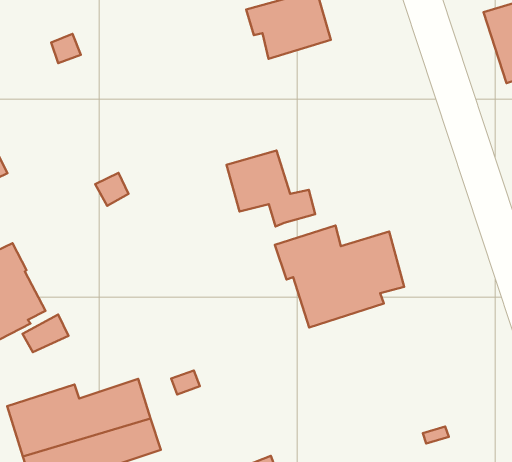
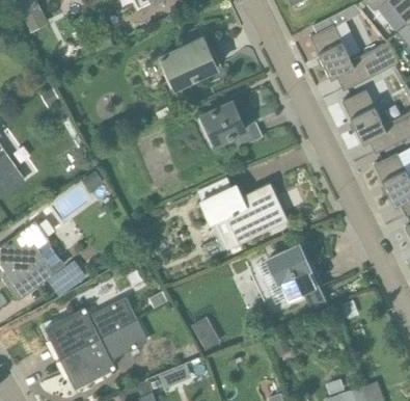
building: [227,151,315,226] -> [201,103,262,151]
building: none -> [245,245,320,319]

